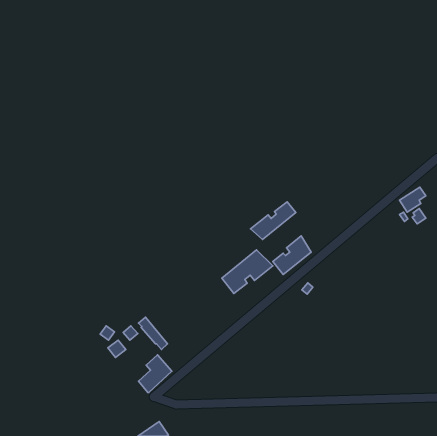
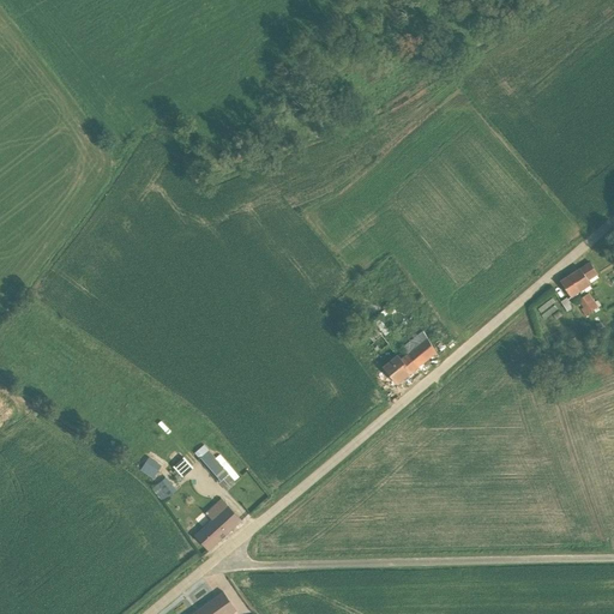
building: [250,202,296,240] -> none
building: [222,250,273,293] -> none

